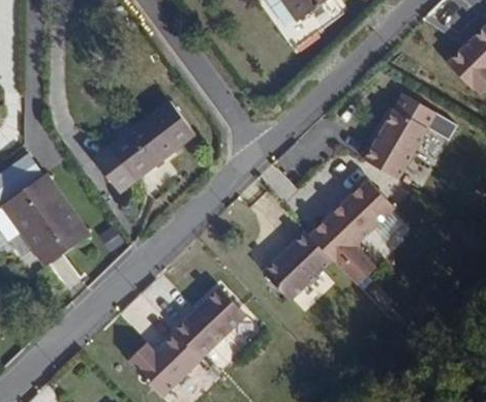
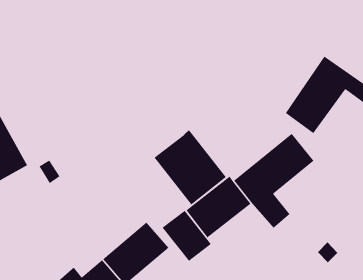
building: [93,99,198,193] -> none
building: none -> [154,129,227,206]
building: none -> [162,210,212,262]

